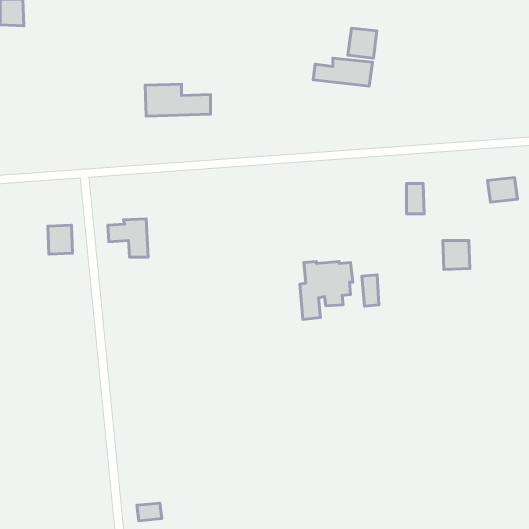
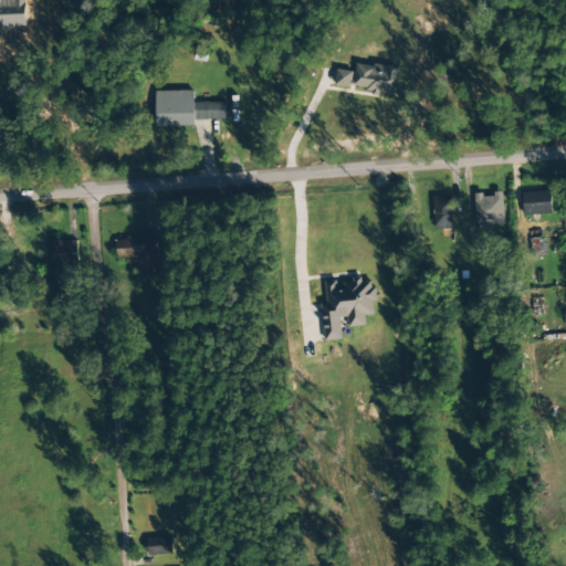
building: [348,28,377,58] -> none
building: [443,240,470,269] -> [475,193,504,224]
building: [362,275,379,306] -> none

